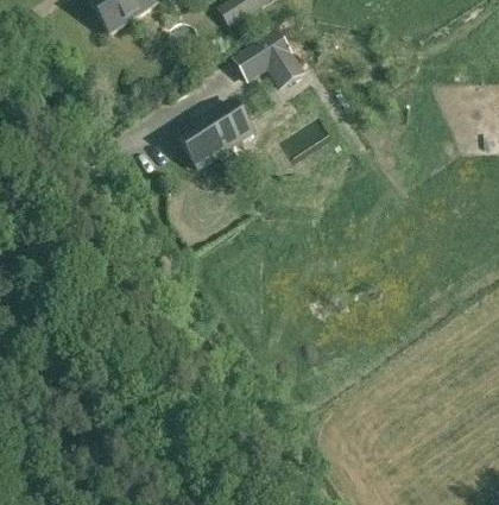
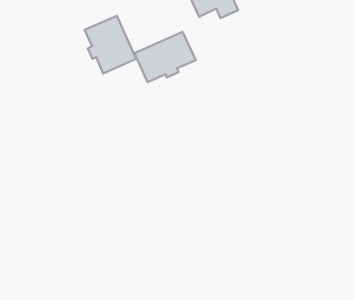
building: none -> [84,16,136,73]

